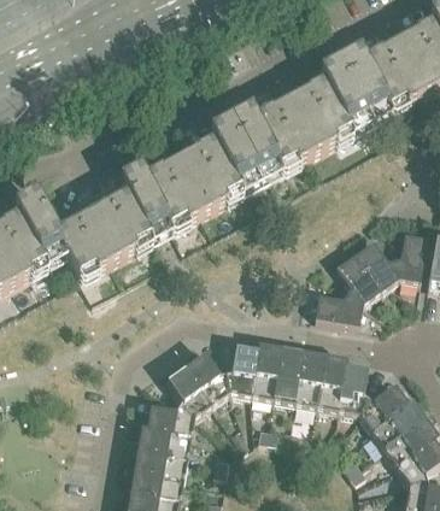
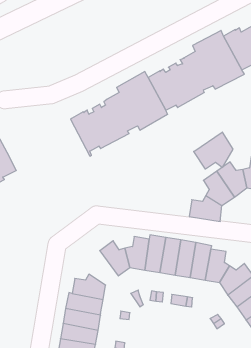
building: [55,166,171,272] -> none
building: none -> [194,132,233,169]
building: [166,365,212,415] -> none

